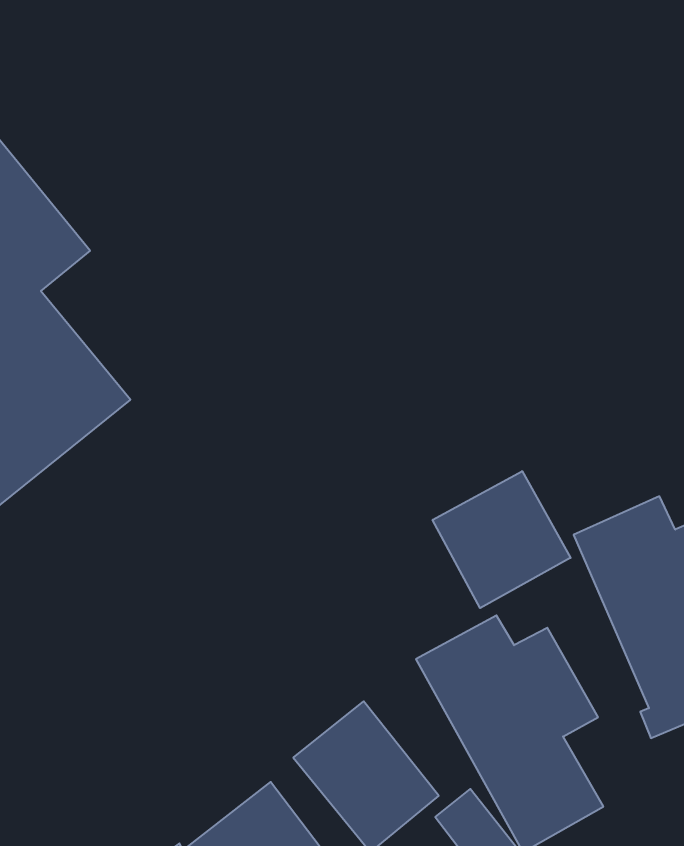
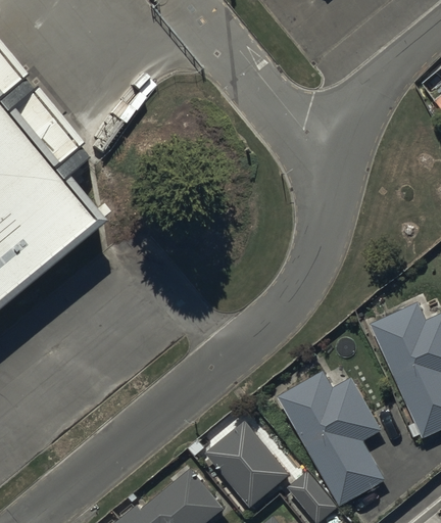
building: [433,471,571,608] -> none

